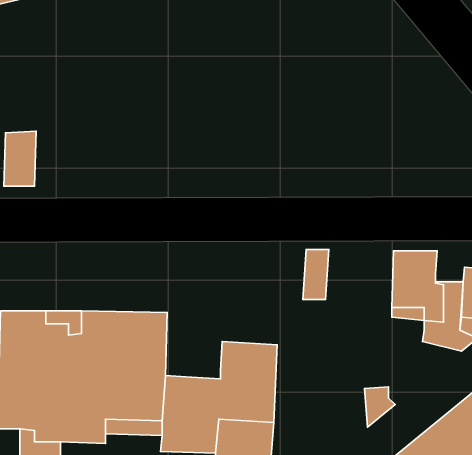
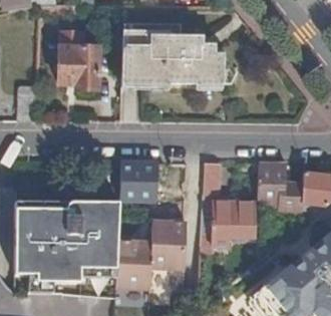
building: none -> [122,25,235,83]
building: none -> [60,29,100,89]
building: none -> [120,160,156,199]
building: none -> [213,200,255,235]

